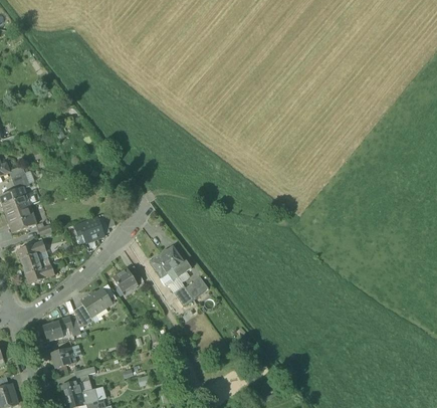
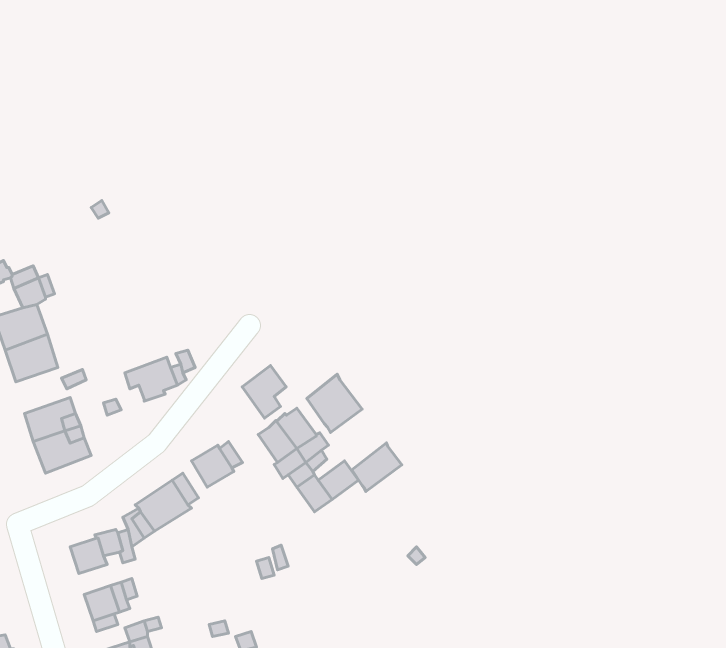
building: none -> [242,366,286,418]
building: none -> [307,374,362,433]
building: none -> [352,443,402,491]

